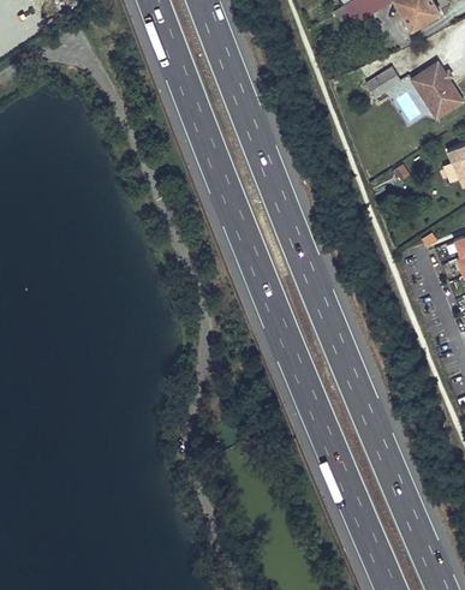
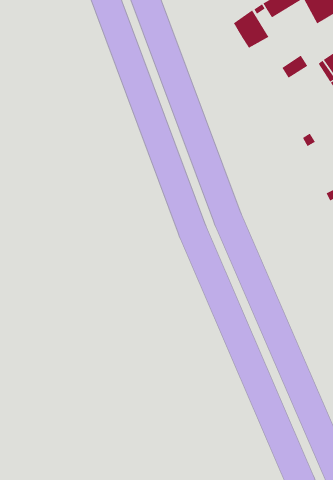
building: none -> [233,10,269,49]

